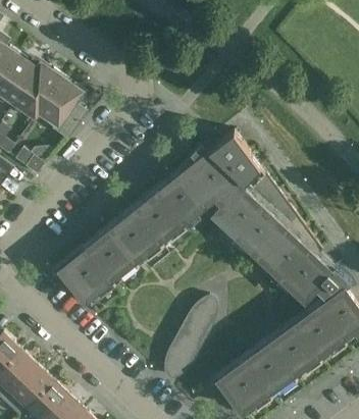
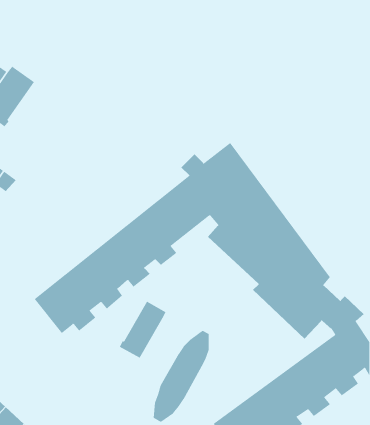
building: [38,76,85,137] -> none
building: none -> [119,301,166,359]

